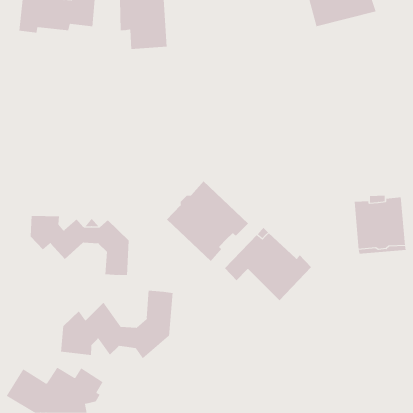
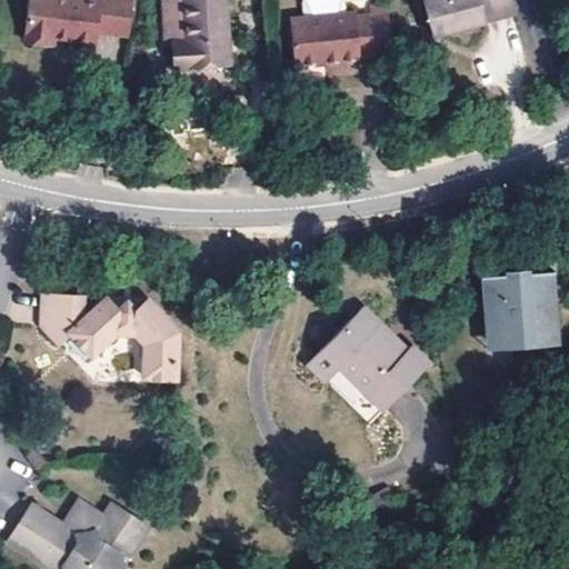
building: none -> [289,7,391,68]
building: [166,180,249,262] -> none
building: [60,290,173,359] -> none

